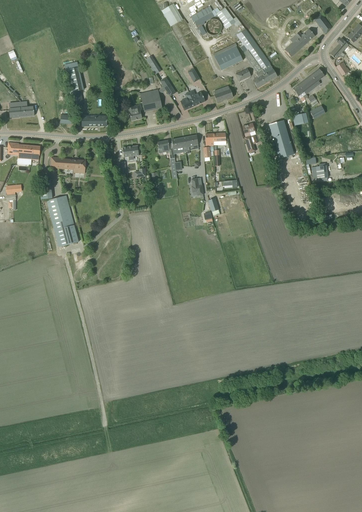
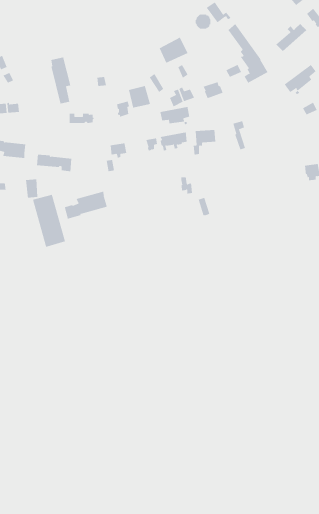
building: [214,44,243,70] -> [159,37,188,64]
building: none -> [160,106,190,125]
building: [269,120,294,158] -> none
building: none -> [64,191,107,219]

